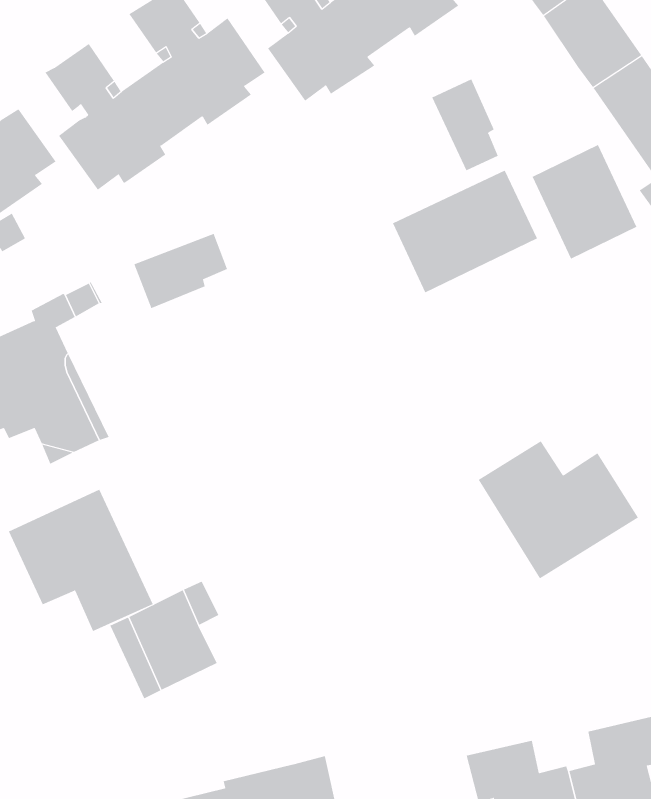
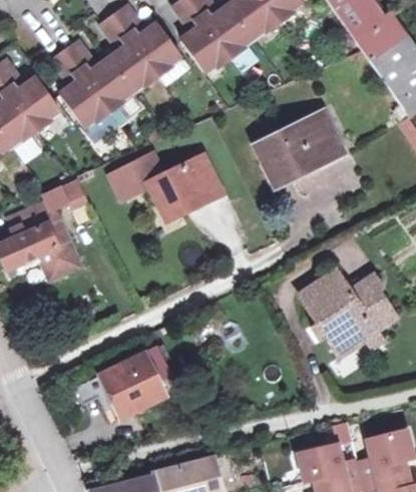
building: [431,78,498,171] -> none
building: [532,144,637,260] -> none
building: none -> [144,155,215,216]
building: [8,489,153,632] -> none

